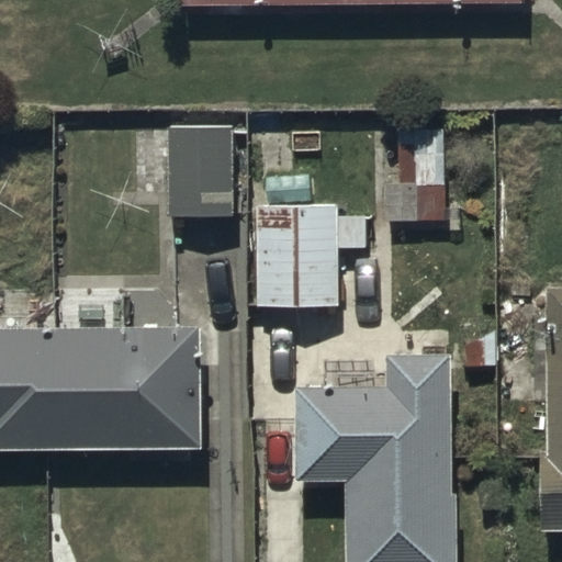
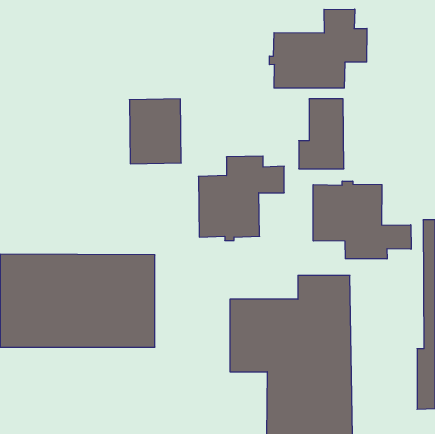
building: none -> [269,9,367,88]
building: none -> [313,181,411,259]

